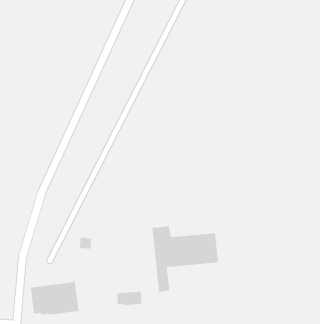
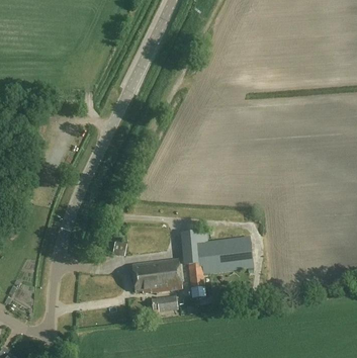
building: [30,281,80,315] -> [132,258,182,292]

